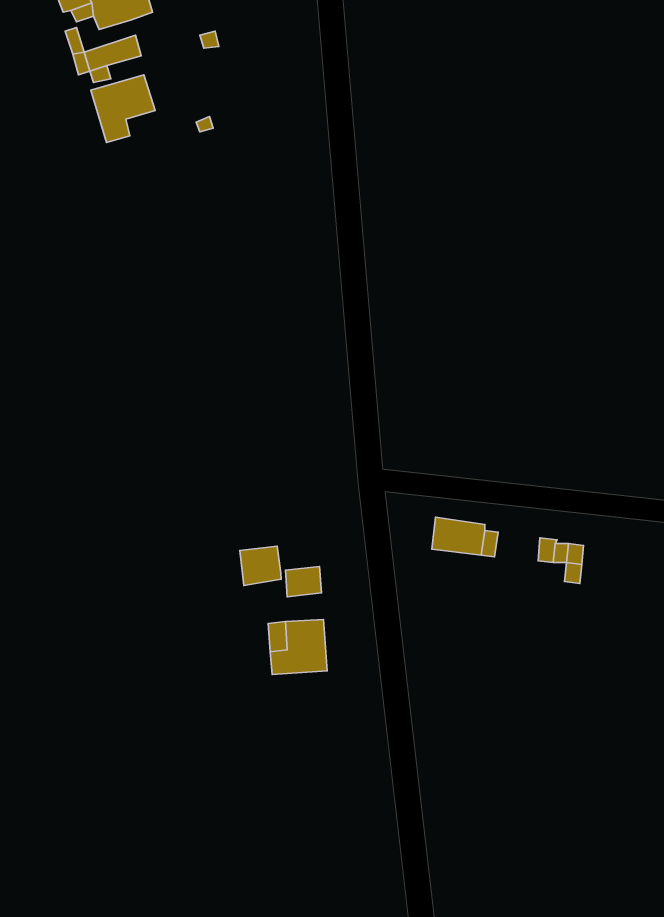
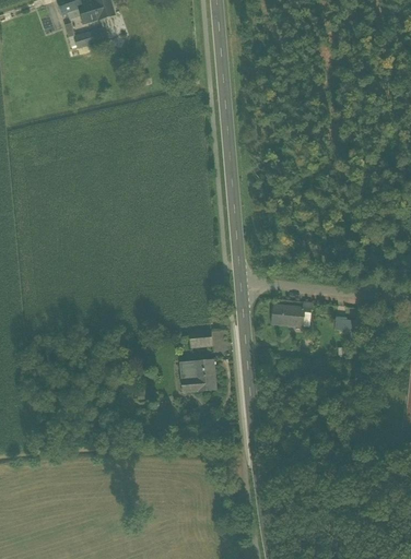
building: [91,75,155,142] -> none
building: [240,546,281,585] -> none

